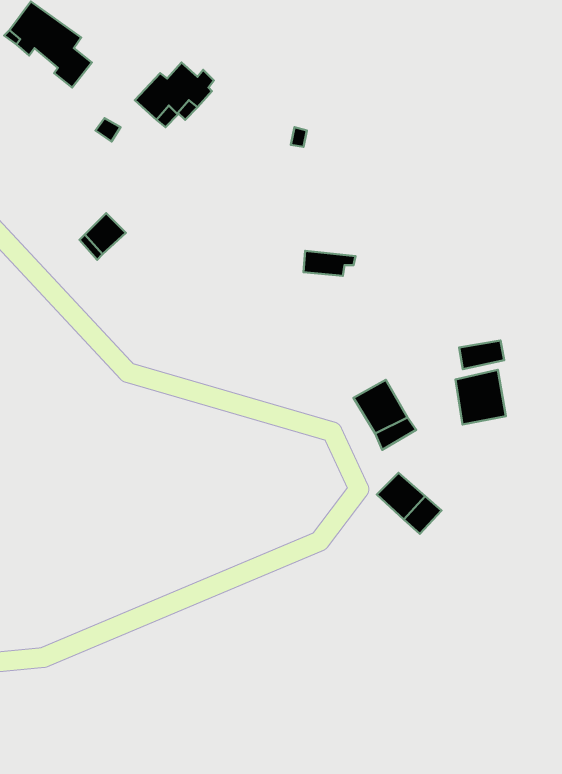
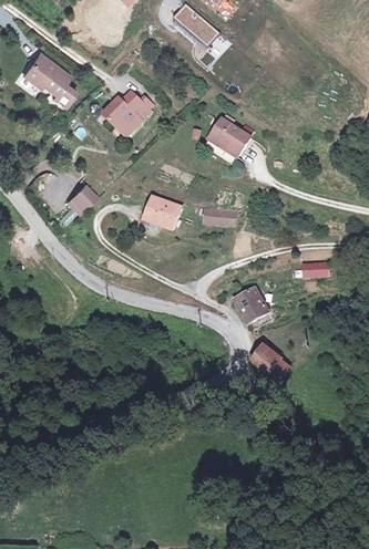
building: none -> [211,117,250,157]
building: none -> [145,196,181,228]
building: [456,370,506,424] -> none

